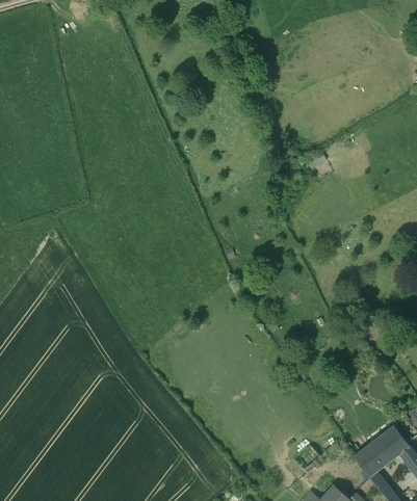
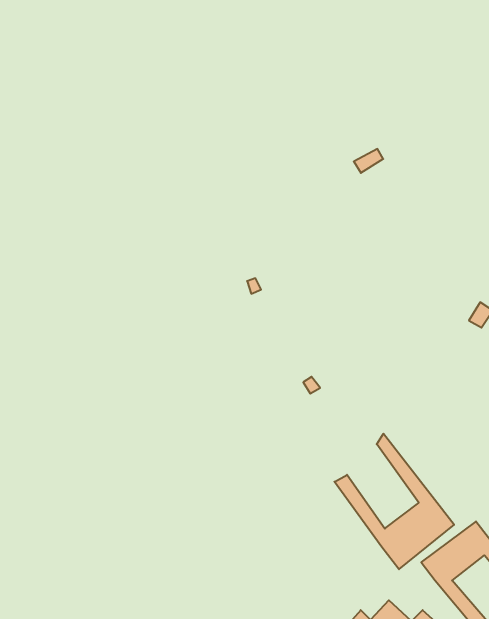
building: none -> [334,434,454,569]

